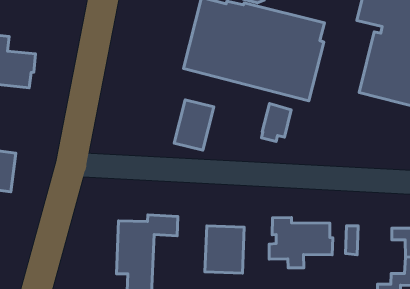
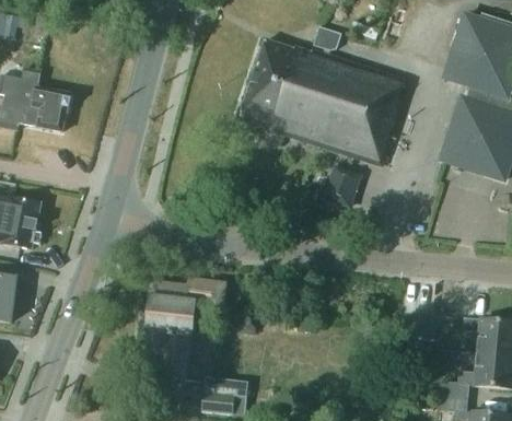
building: [174,100,214,150] -> none
building: [269,217,333,268] -> none
building: [205,226,244,273] -> none

